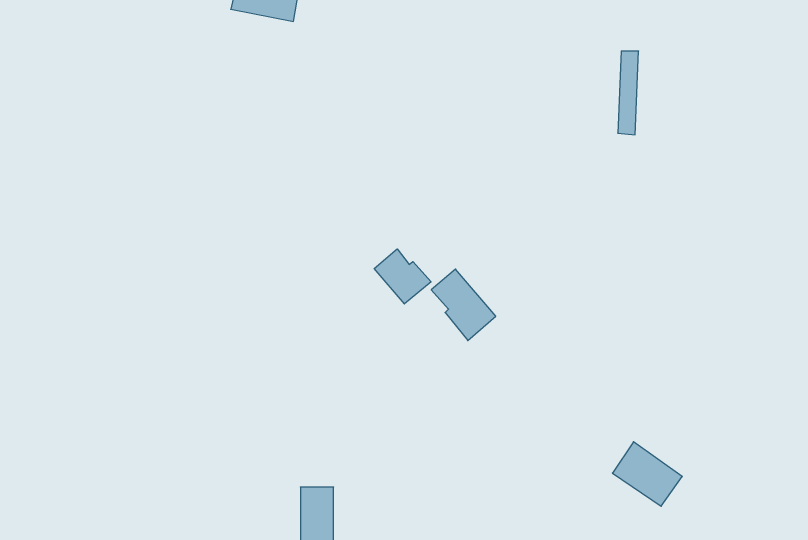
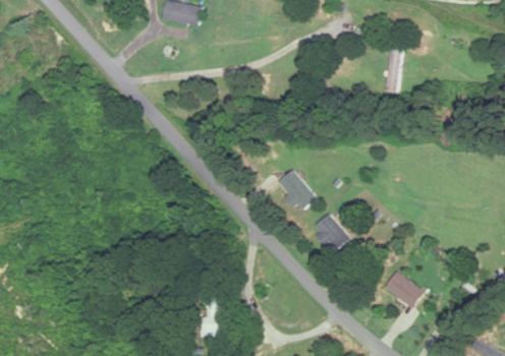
building: [374,249,431,304] -> none
building: none -> [314,214,349,251]

